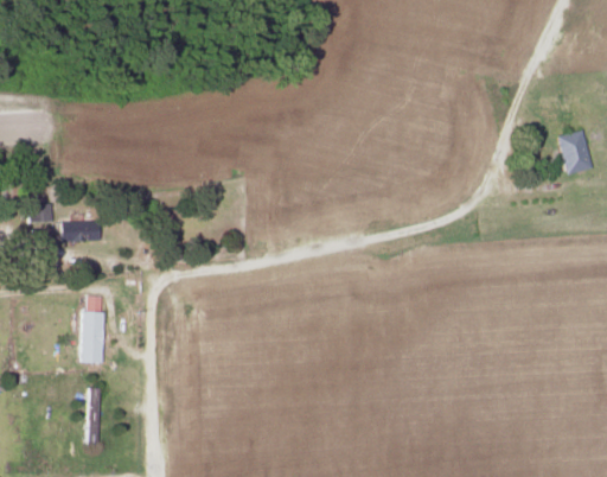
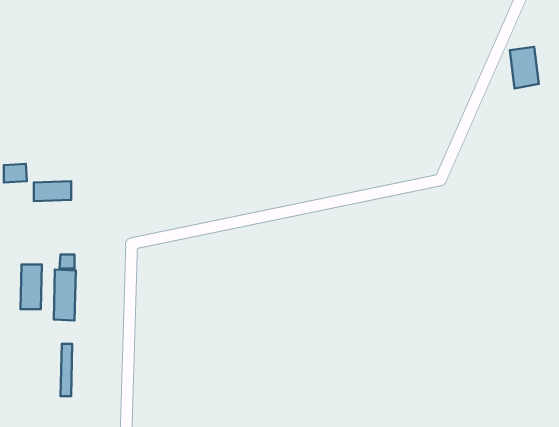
building: [560,131,589,173] -> [510,47,539,89]
building: none -> [20,264,42,309]

